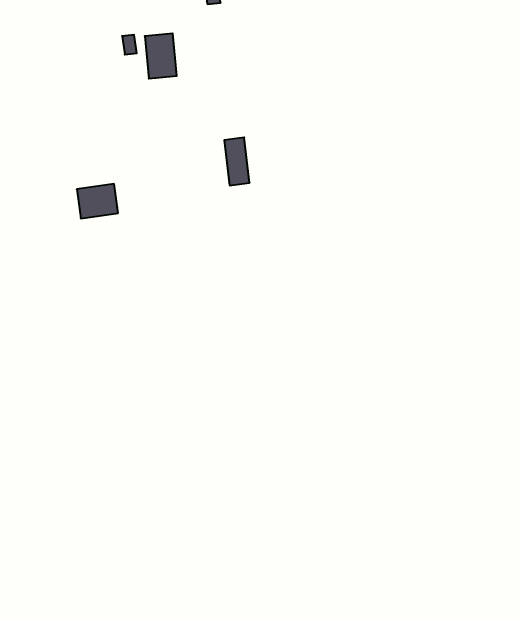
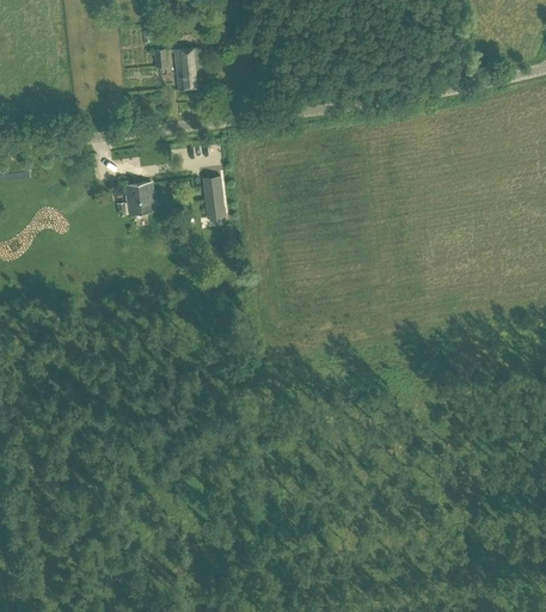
building: [224,137,250,185] -> [202,177,225,220]

